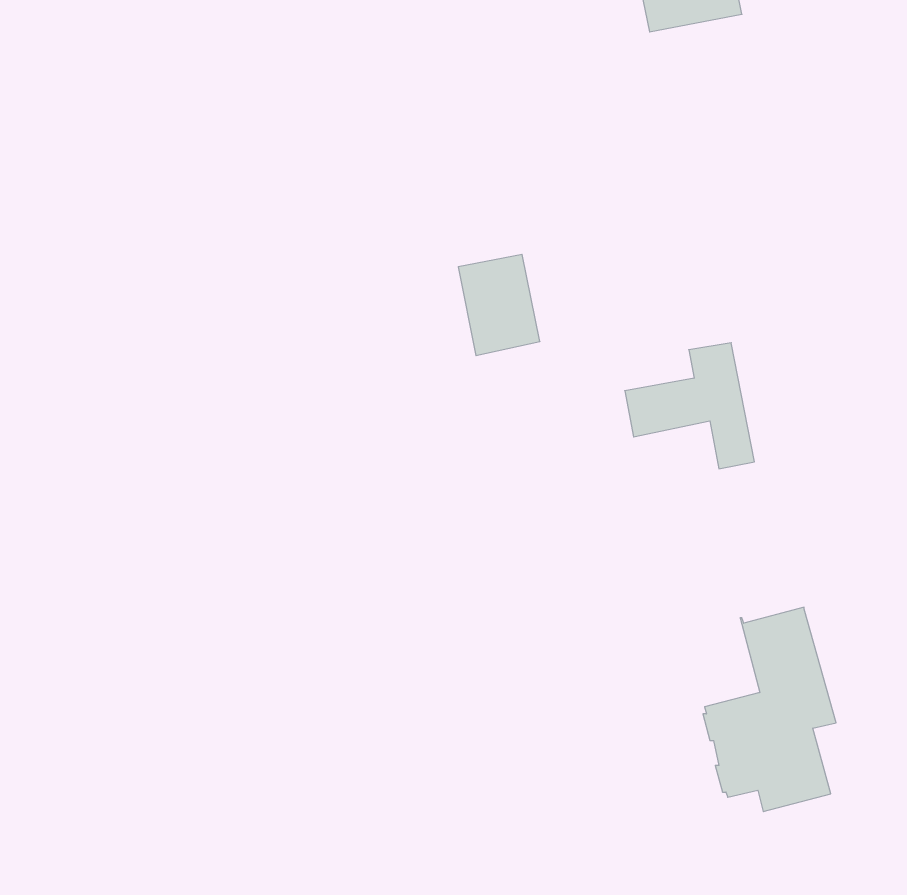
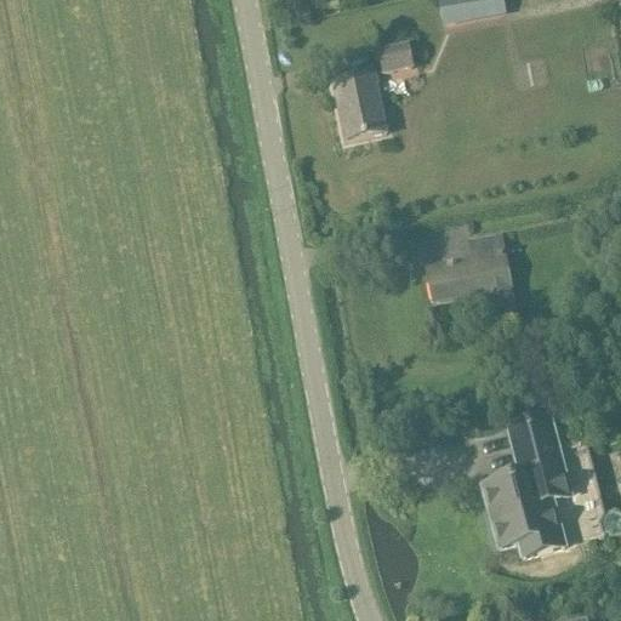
building: none -> [377,38,415,70]
building: [458,254,540,356] -> [331,69,387,138]

